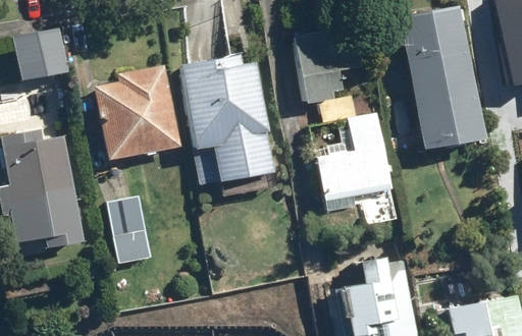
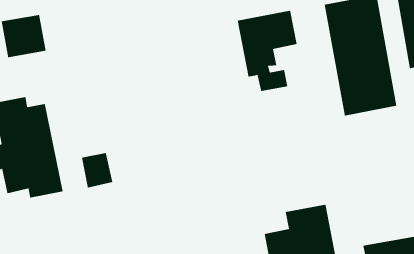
building: [179,54,276,185] -> none
building: [94,65,181,162] -> none
building: [317,114,392,202] -> none

